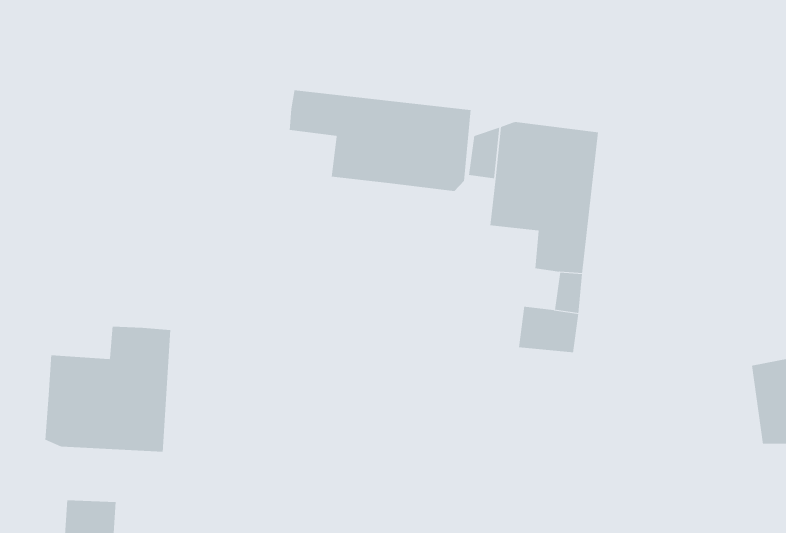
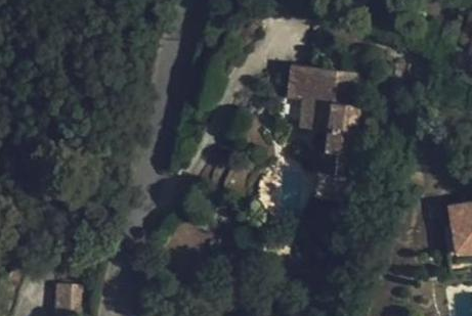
building: [289,89,471,192] -> none
building: [45,326,171,453] -> none

